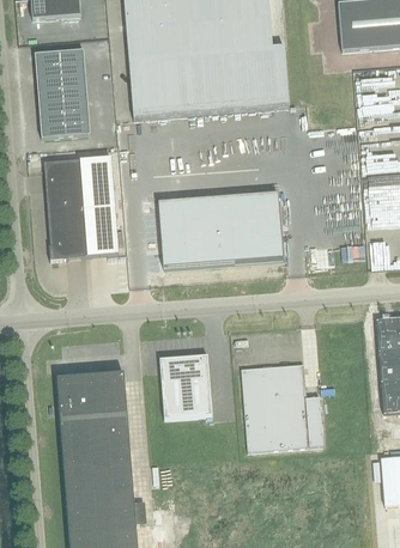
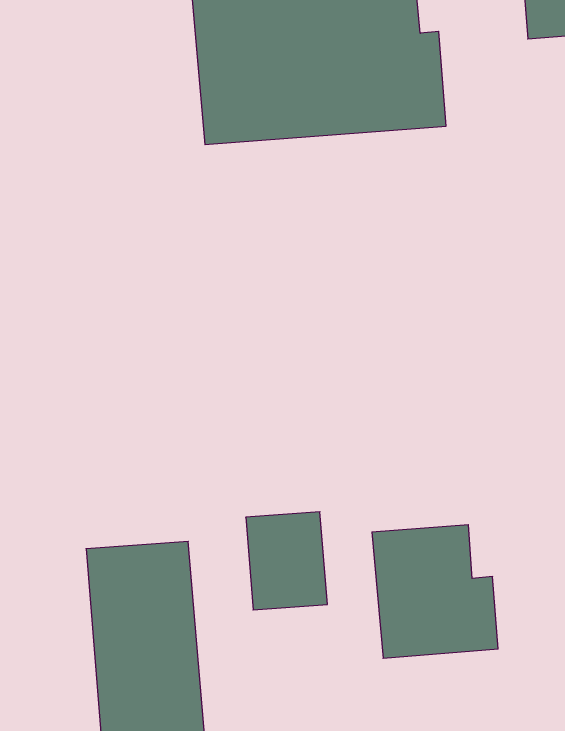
building: [35,49,90,136] -> none
building: [44,157,117,260] -> none
building: [157,190,283,266] -> none

